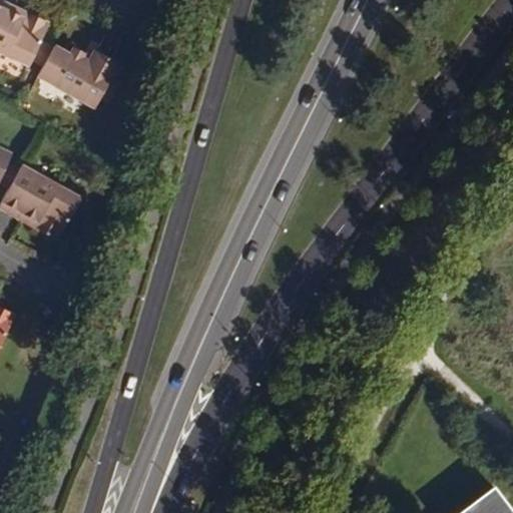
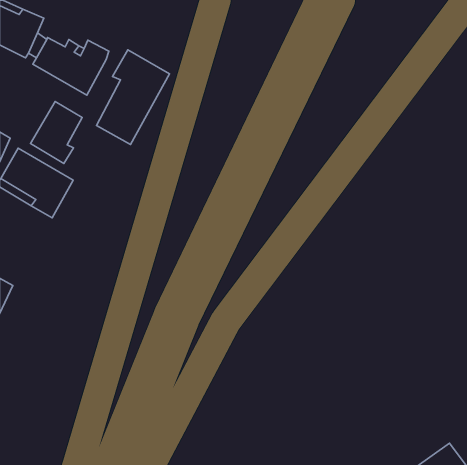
building: none -> [96,50,169,144]
building: none -> [31,102,82,164]

